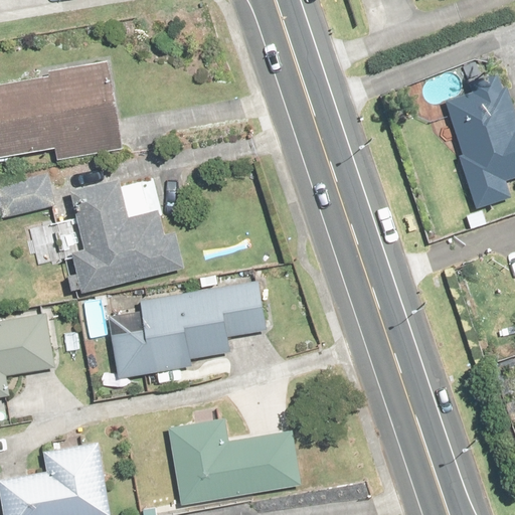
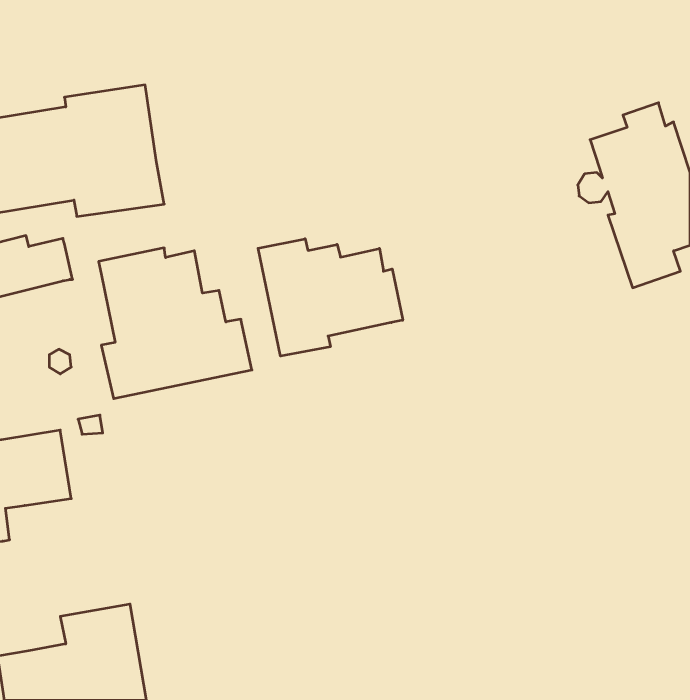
building: none -> [258,239,403,356]
building: [110,282,265,378] -> none
building: [170,420,301,506] -> none

